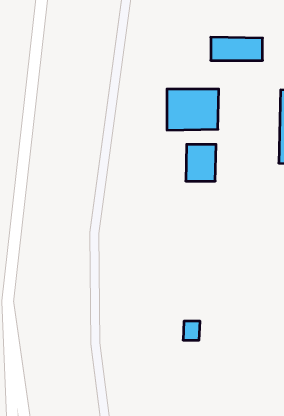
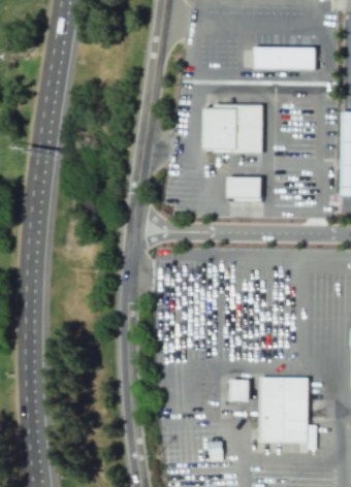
building: none -> [264,379,313,448]

